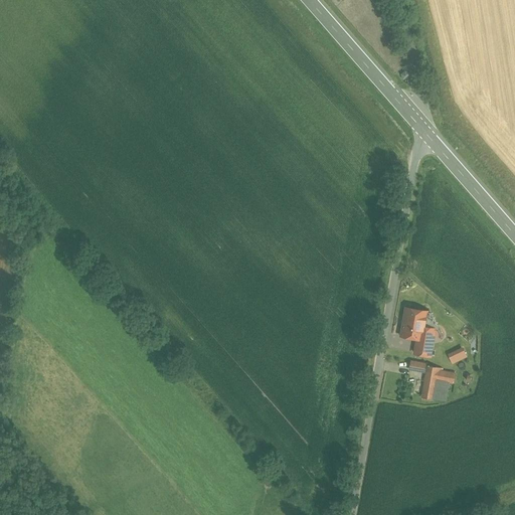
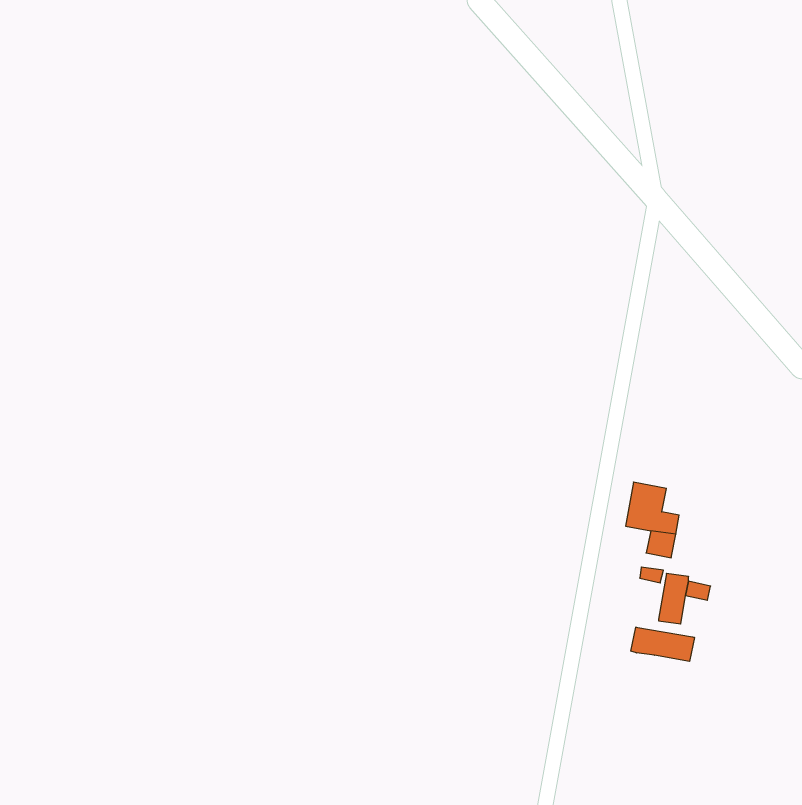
building: none -> [631,627,694,661]

